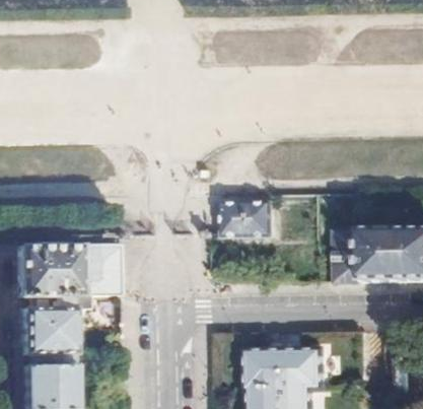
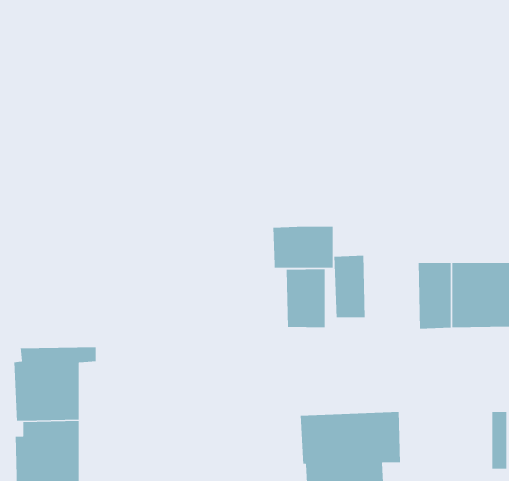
building: none -> [334,255,365,318]
building: none -> [286,269,326,328]
building: [15,243,119,297] -> none

